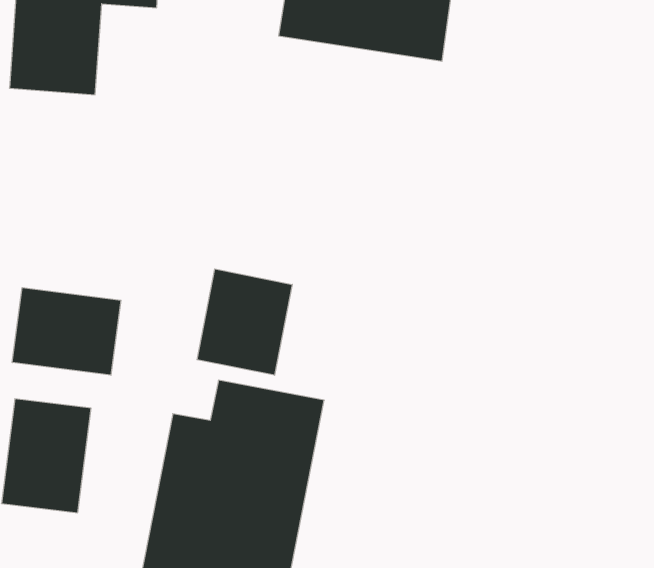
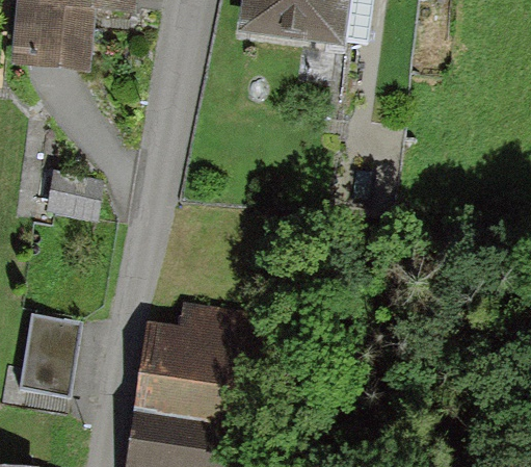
building: [197,269,292,375] -> none
building: [12,288,121,375] -> none

